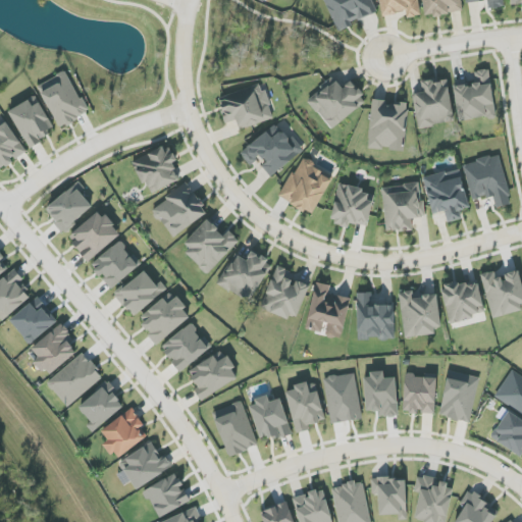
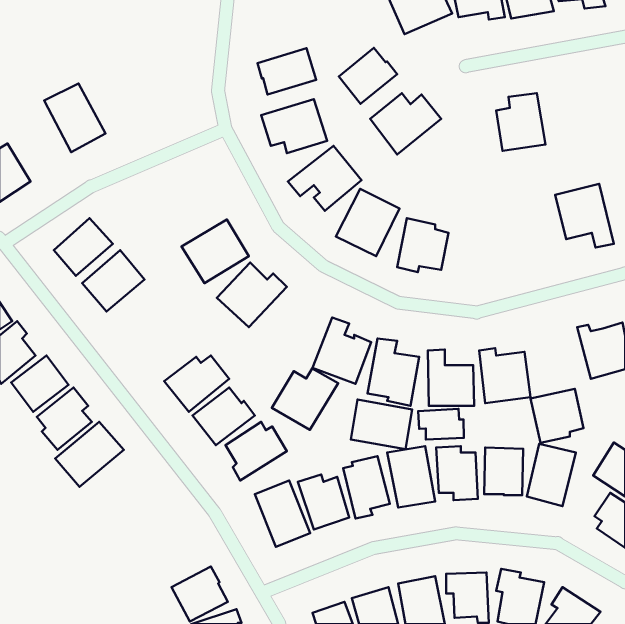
building: none -> [339,48,397,104]
building: none -> [258,48,316,95]
building: [454,67,492,118] -> none
building: [8,95,55,145] -> none
building: [368,99,407,149] -> none
building: [133,143,180,193] -> none
building: [423,167,468,221] -> none
building: [381,181,423,230] -> none
building: [90,239,140,286] -> none
building: [217,250,272,301] -> [272,369,338,430]
building: [114,267,163,315] -> none
building: [440,277,484,322] -> [531,389,583,443]
building: none -> [351,400,412,449]
building: none -> [418,409,464,439]
building: [77,381,125,430] -> none
building: [101,408,149,457] -> none
building: [123,440,172,487] -> none

